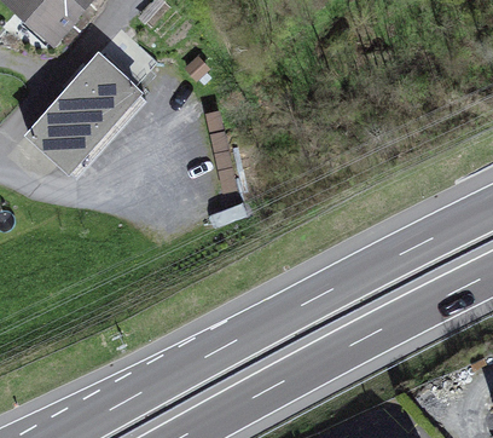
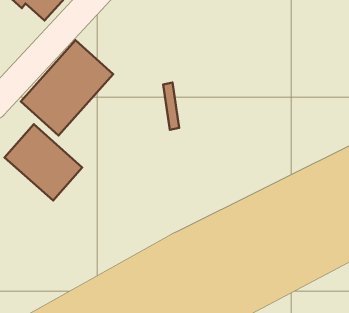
building: none -> [5,124,82,201]

